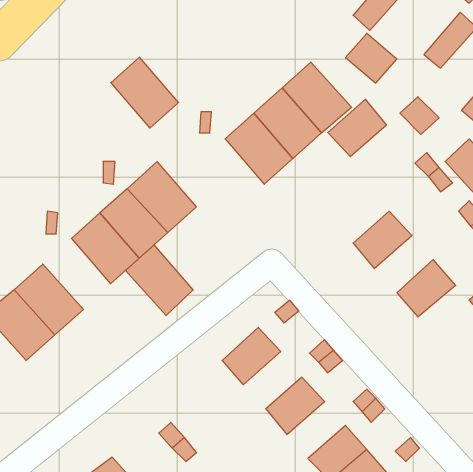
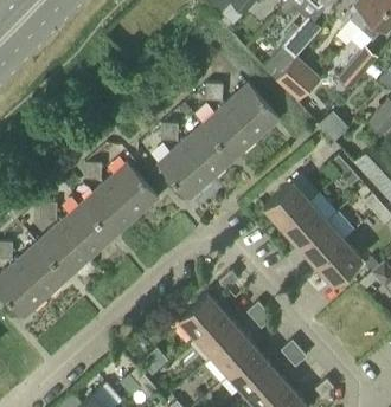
building: [111,57,179,128] -> [158,144,211,200]
building: [328,99,386,157] -> [263,181,309,226]
building: none -> [297,220,344,265]
building: [125,245,193,316] -> [37,222,90,278]
building: none -> [194,311,241,356]
building: none -> [229,350,275,395]

